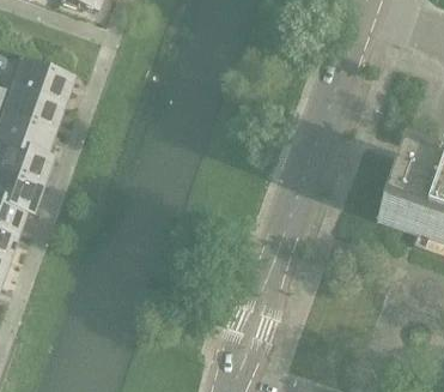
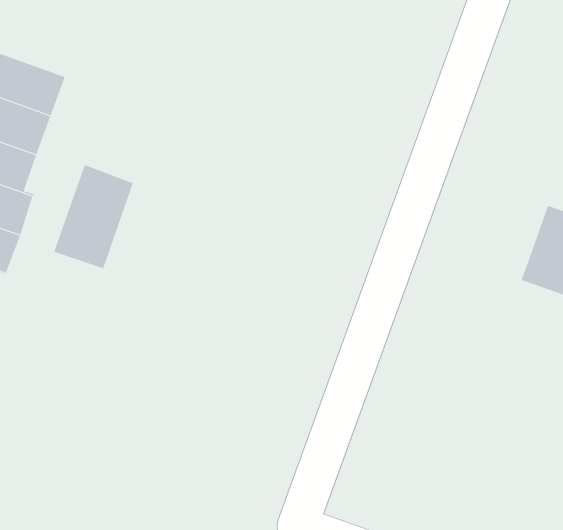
building: none -> [53,164,133,269]

